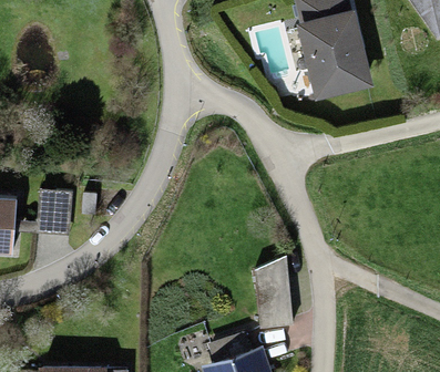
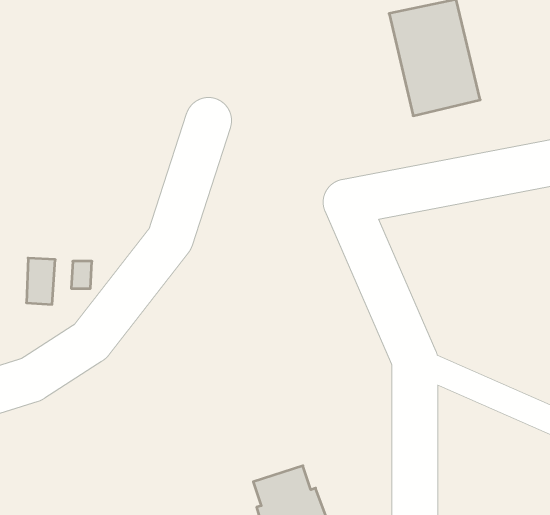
building: [256,251,295,324] -> none

